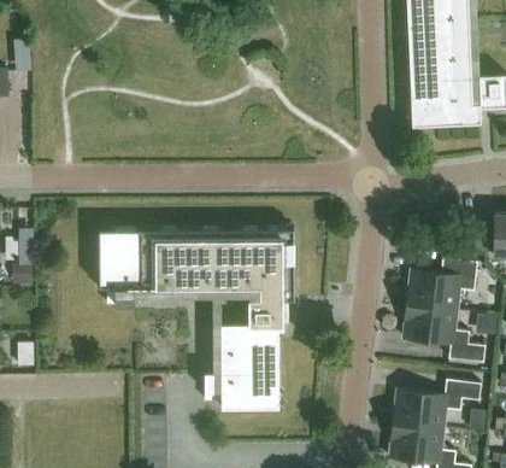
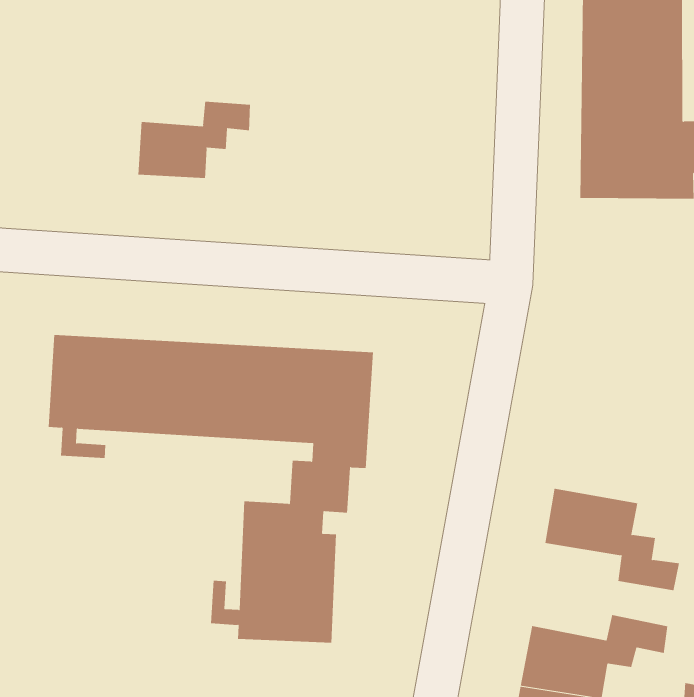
building: none -> [138,101,250,179]
building: [407,257,478,310] -> none

